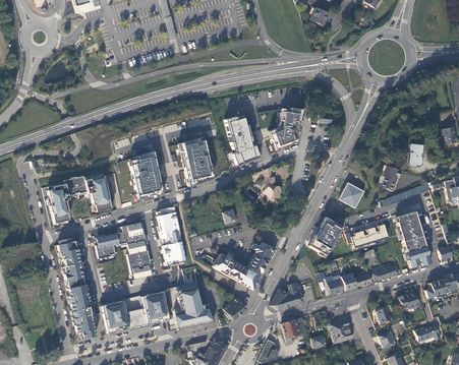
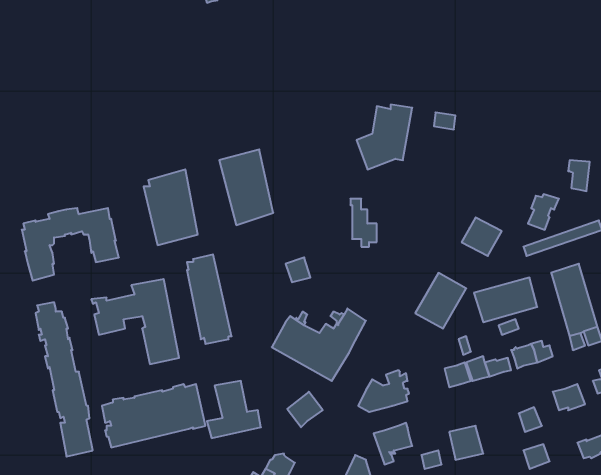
building: [225,115,261,165] -> none

